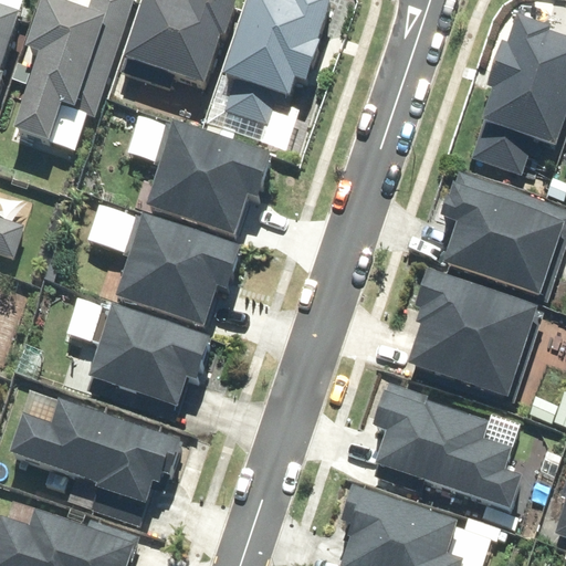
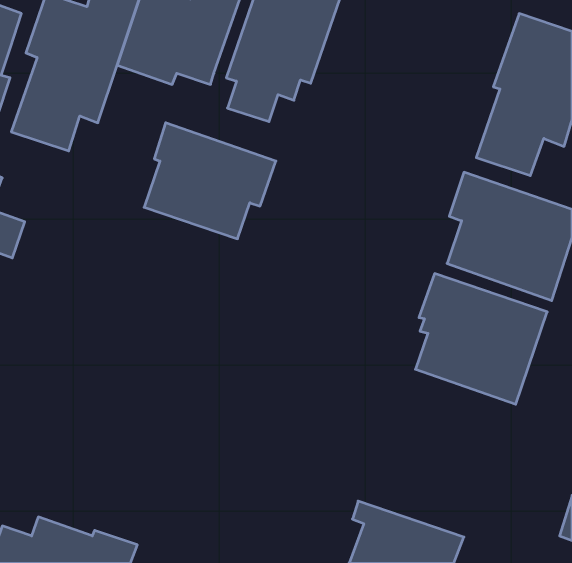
building: [114,206,243,326] -> none
building: [85,301,211,419] -> none
building: [368,382,523,516] -> none
building: [6,397,178,522] -> none

